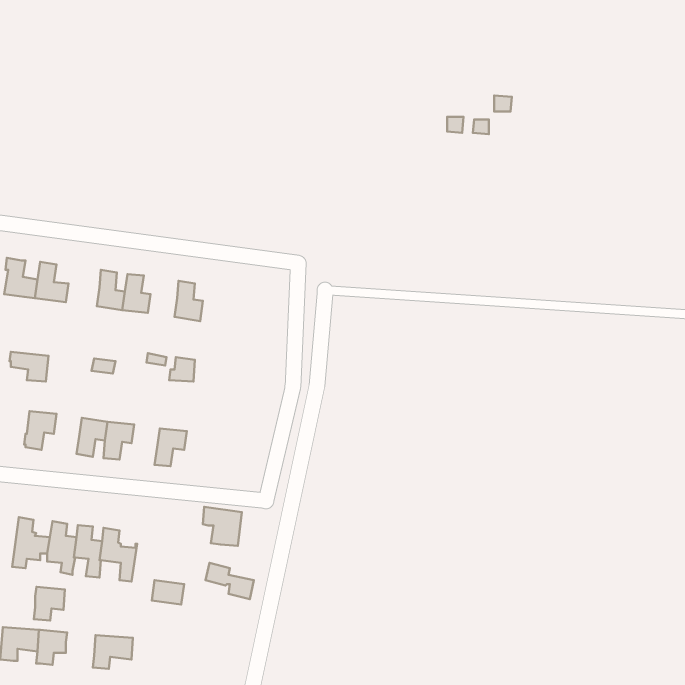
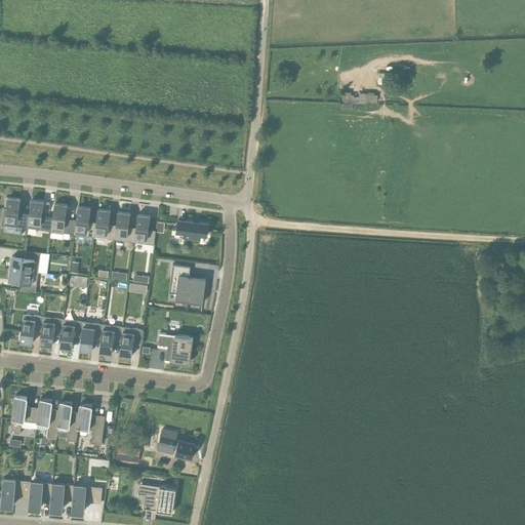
building: none -> [50,204,76,235]
building: none -> [113,212,135,243]
building: none -> [175,220,207,241]
building: none -> [8,251,40,273]
building: none -> [170,265,205,305]
building: none -> [39,317,63,347]
building: none -> [98,325,122,355]
building: [203,507,242,546] -> [162,334,192,364]
building: [34,587,65,620] -> [49,484,73,510]
building: none -> [142,485,175,514]

